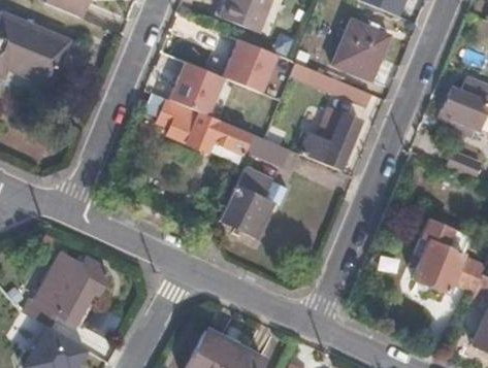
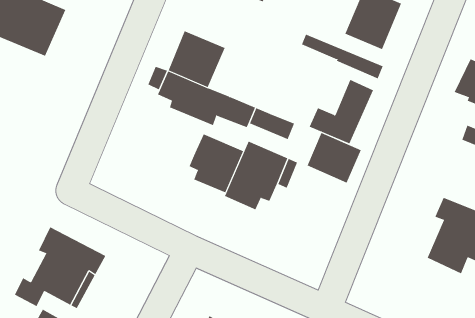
building: [222,38,279,94] -> none
building: none -> [307,132,361,183]
building: none -> [189,133,244,193]

